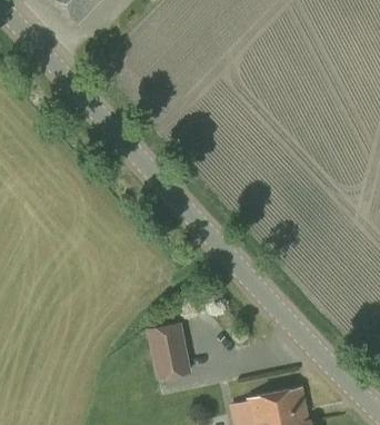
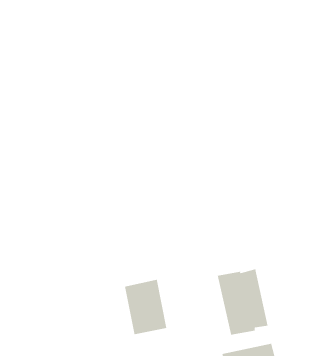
building: none -> [217,268,268,335]

